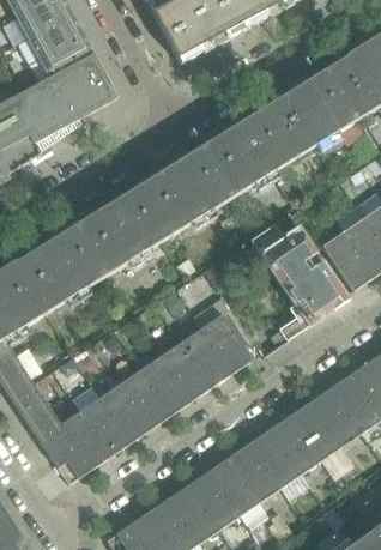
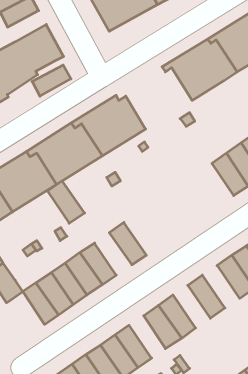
building: [38,34,92,77] -> [32,65,71,96]
building: [189,111,295,198] -> none
building: [249,224,349,347] -> none
building: [200,310,252,373] -> none
building: [159,342,211,400] -> [47,181,85,223]
building: [309,387,361,446] -> none
building: [268,415,320,473] -> none
building: [37,423,90,483] -> none
building: [207,457,258,515] -> none

